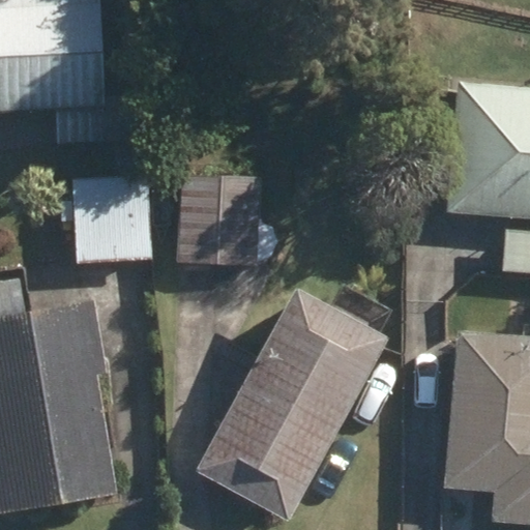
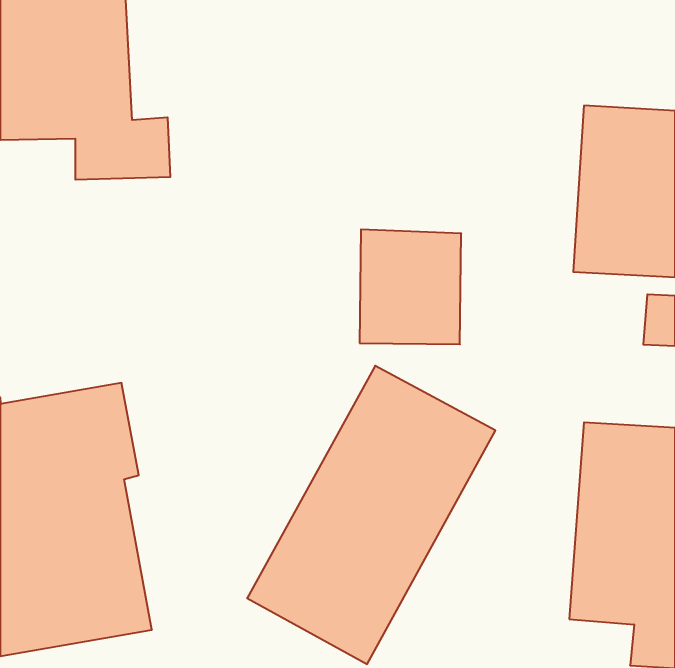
building: [178,173,258,263] -> [360,229,461,344]
building: [72,176,153,263] -> none

